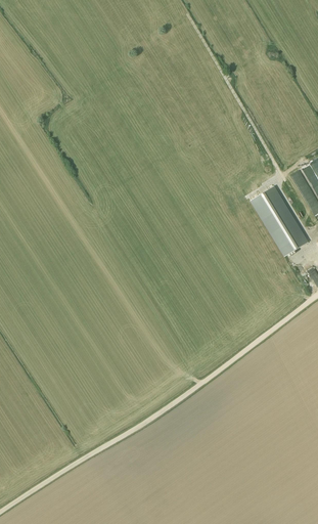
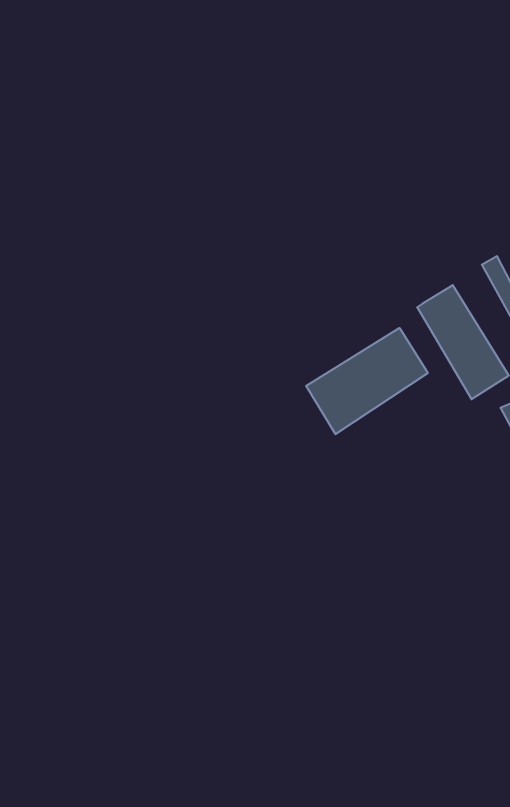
building: none -> [306,328,428,434]

